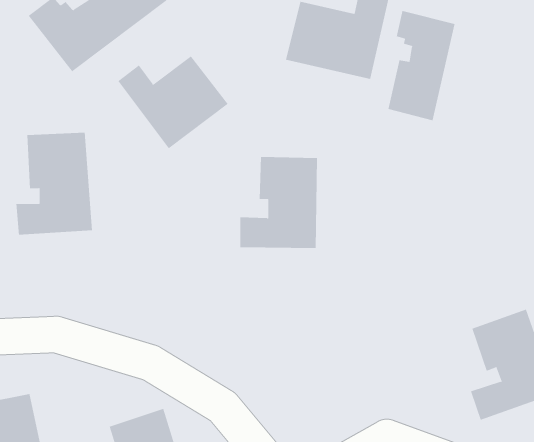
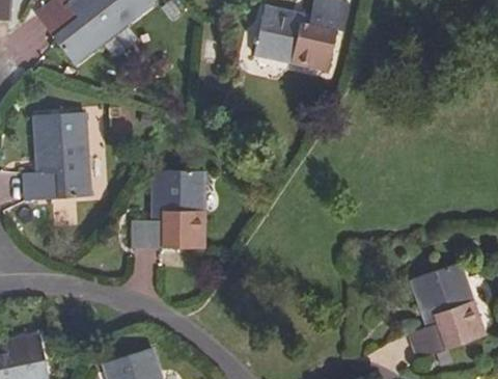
building: [388,10,455,121] -> none
building: [118,56,229,149] -> none
building: [239,157,318,249] -> [138,171,204,249]

